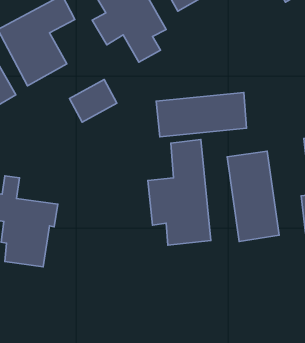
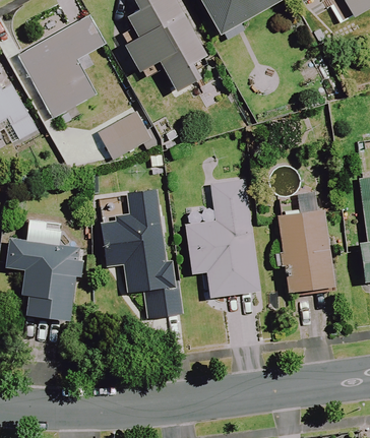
building: [156,92,246,137] -> none
building: none -> [101,189,181,317]

